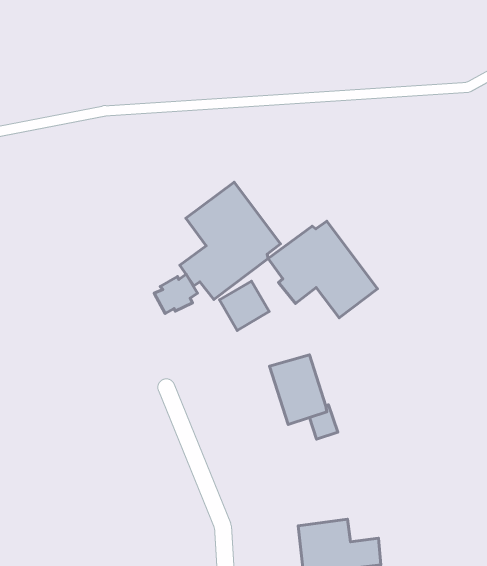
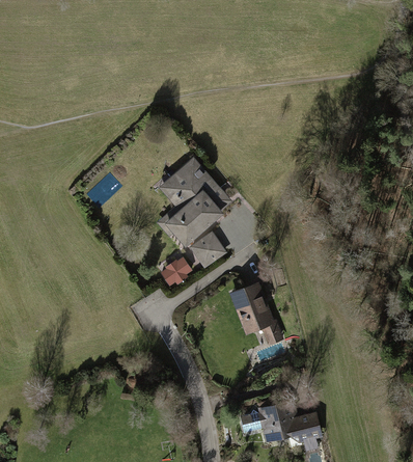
building: [268,221,377,318] -> none
building: [154,274,197,313] -> [159,256,191,287]

